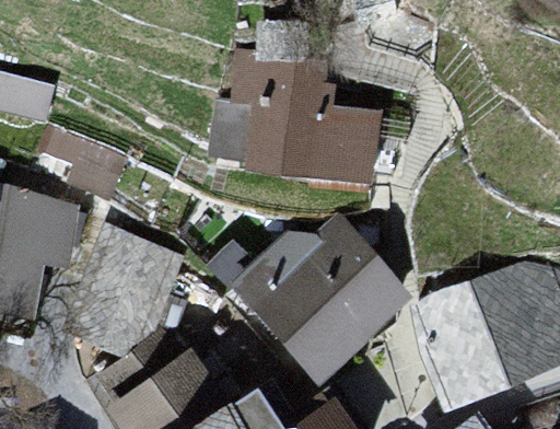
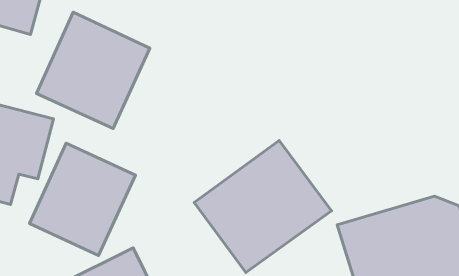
building: [211,72,377,183] -> none
building: none -> [37,12,150,128]

